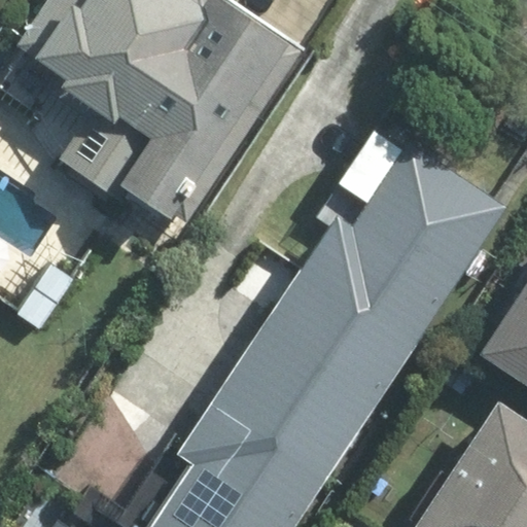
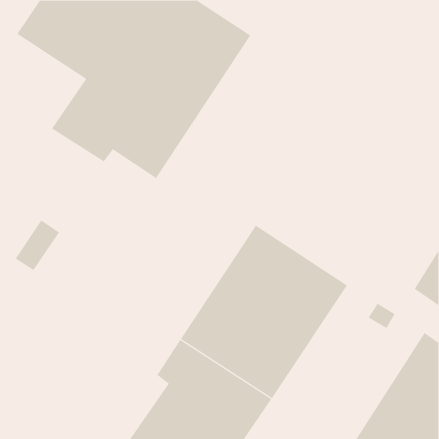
building: [303,141,504,344] -> none

